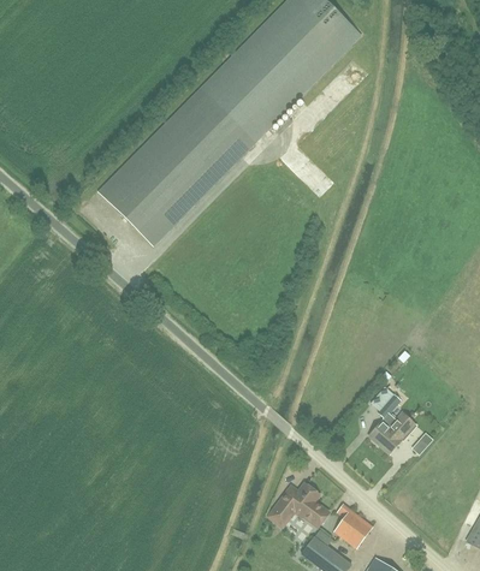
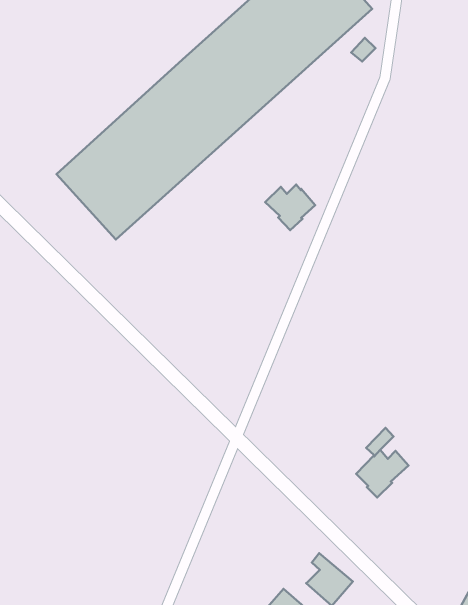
building: none -> [265,184,315,230]
building: [268,482,330,527] -> none

